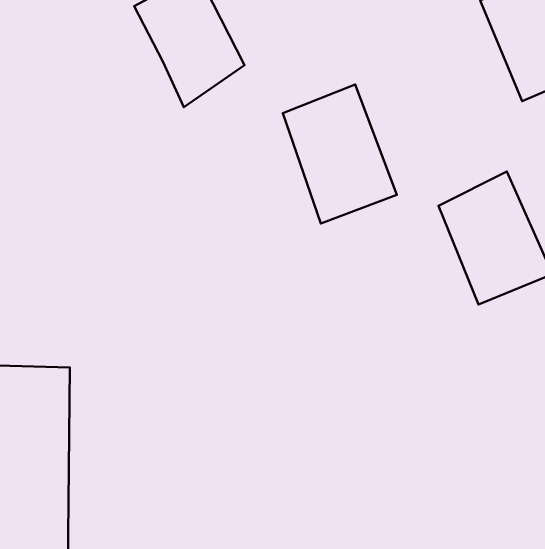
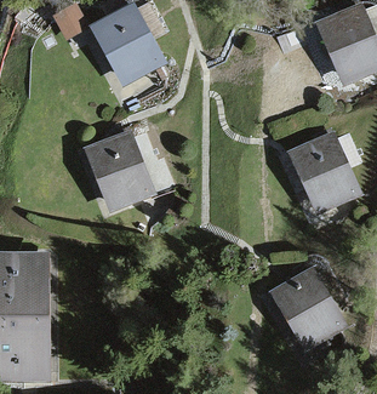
building: [283,85,397,223] -> [85,125,158,213]
building: none -> [269,262,344,348]

